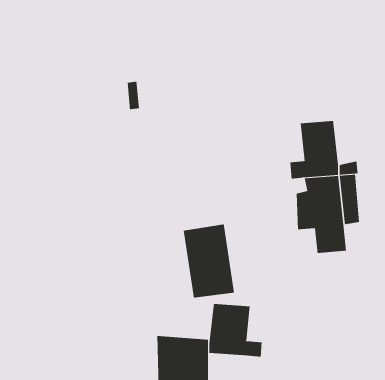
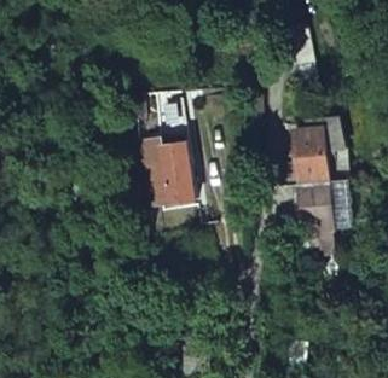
building: [183,224,235,298] -> [147,127,196,196]
building: [209,303,262,357] -> none

